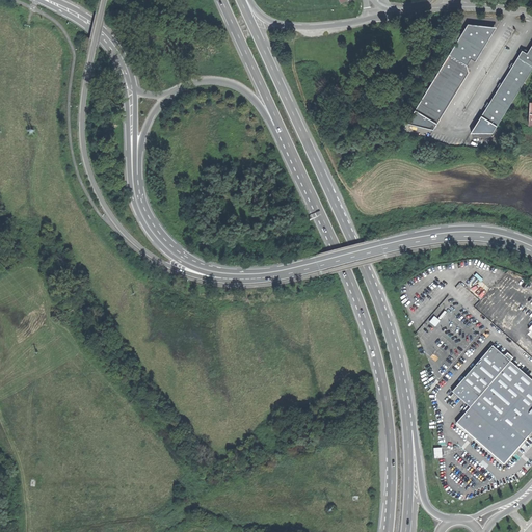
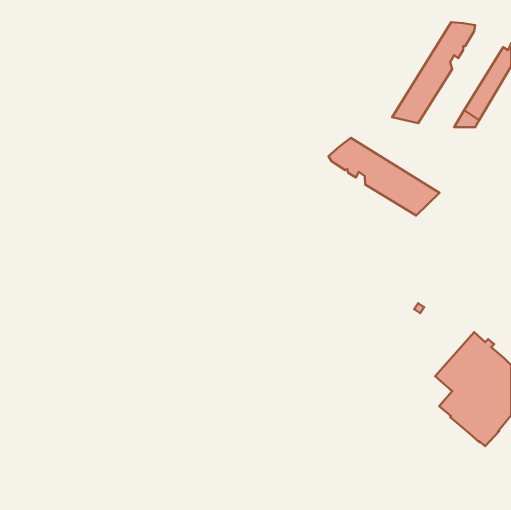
building: none -> [328,138,440,215]

